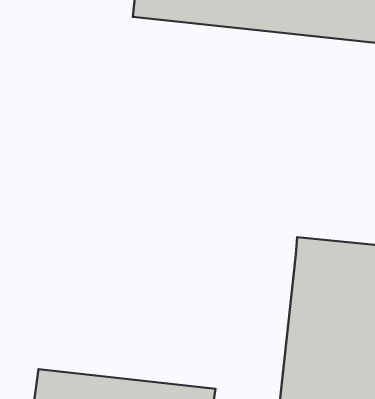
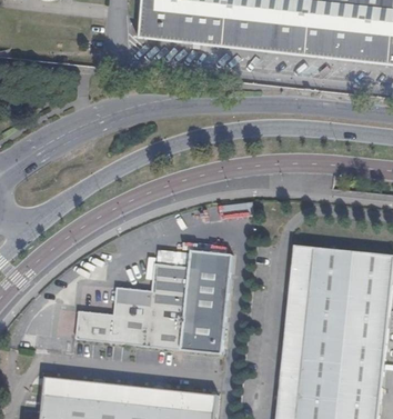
building: none -> [74,252,231,355]

